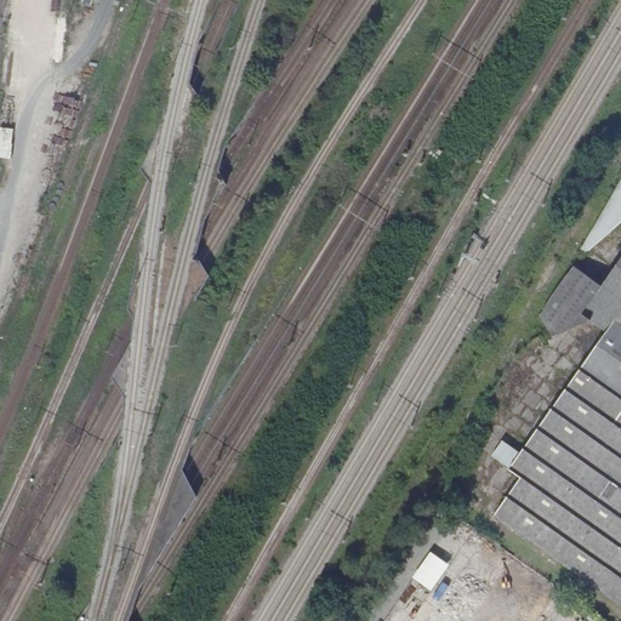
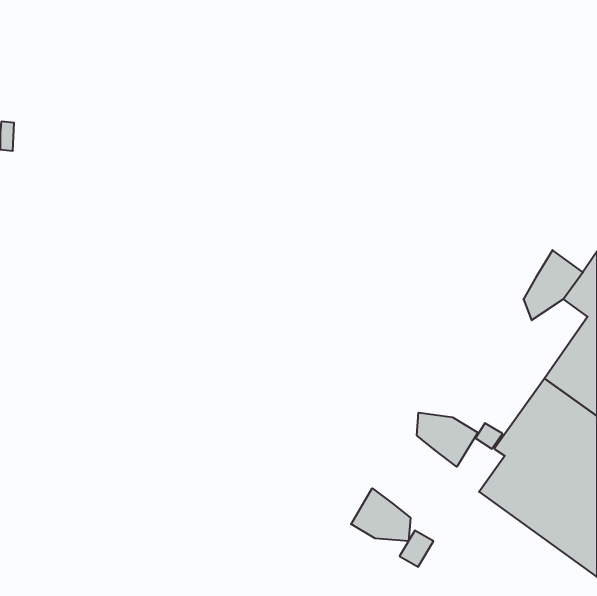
building: none -> [417,413,478,467]
building: none -> [351,488,410,541]

